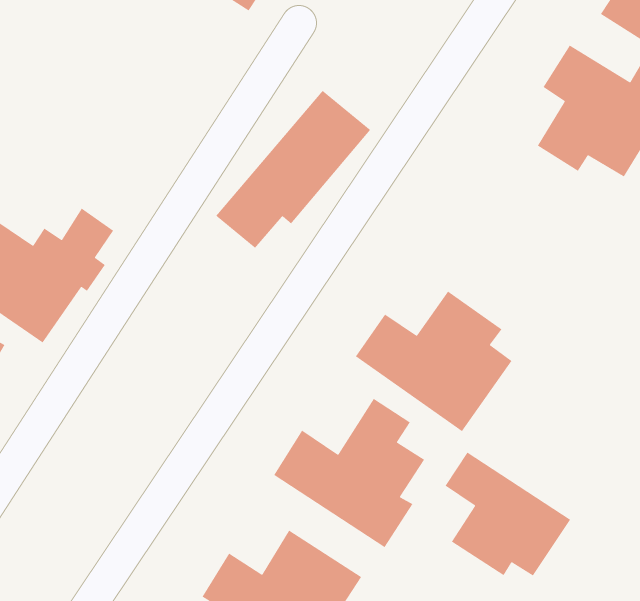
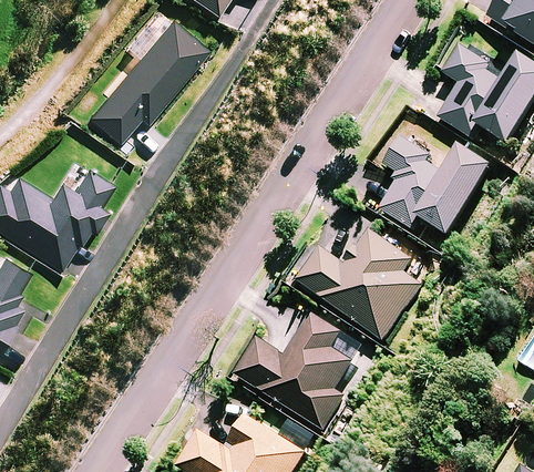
building: [215,90,371,249] -> [86,19,207,142]
building: none -> [379,138,491,235]
building: [444,452,571,577] -> none

